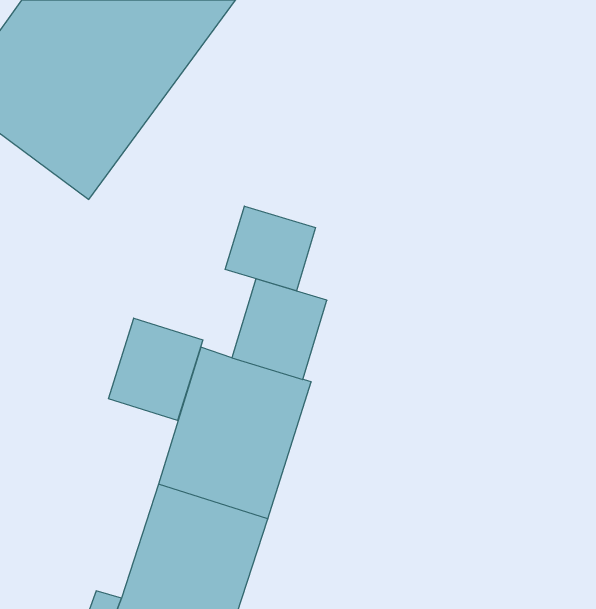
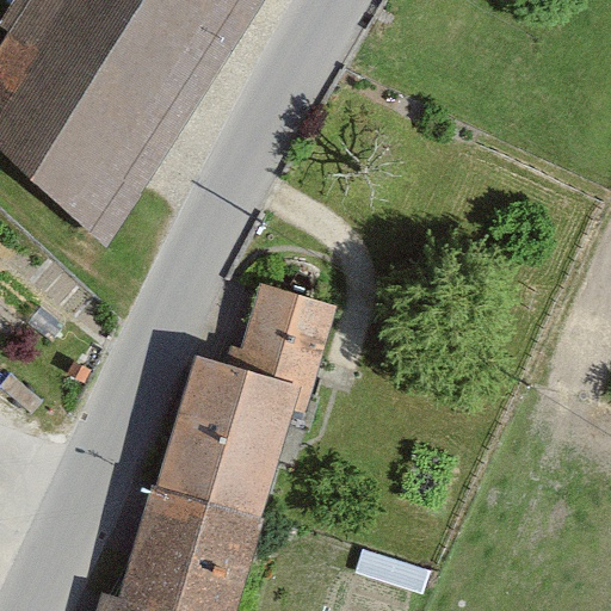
building: [225,206,315,291] -> none
building: [108,318,203,421] -> none

